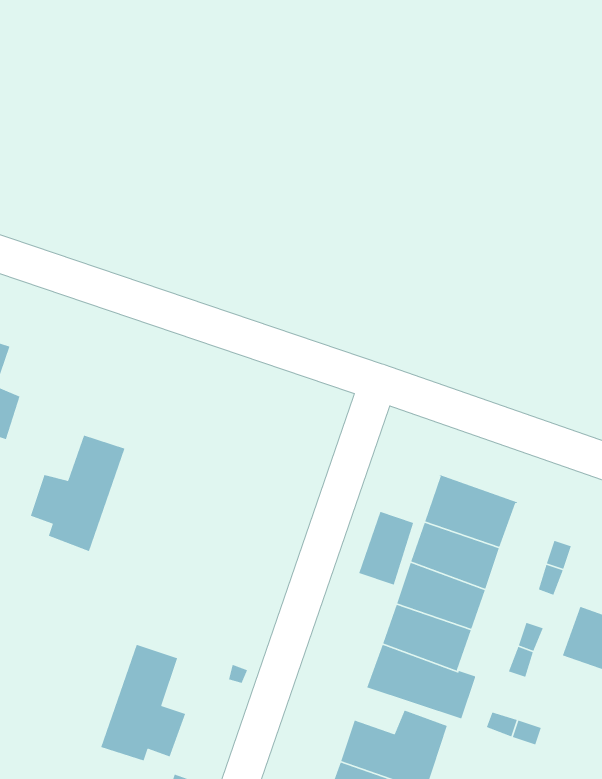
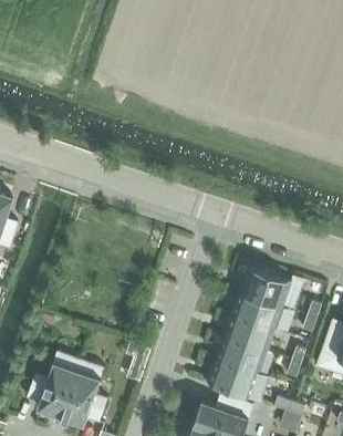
building: [30,434,126,552] -> [28,352,81,417]
building: [358,511,414,586] -> none

